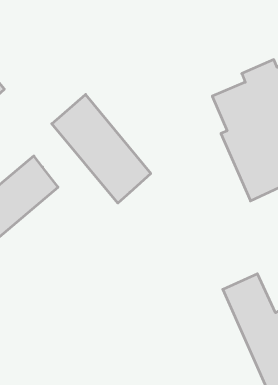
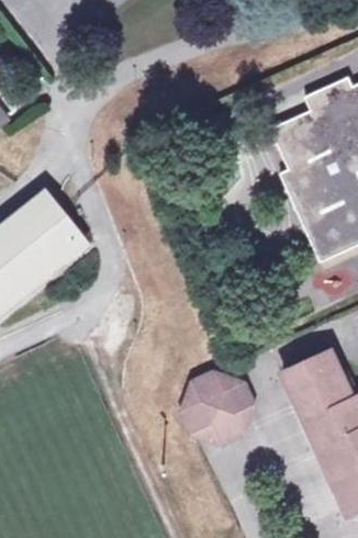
building: [52,94,151,203] -> none
building: none -> [176,371,248,445]

